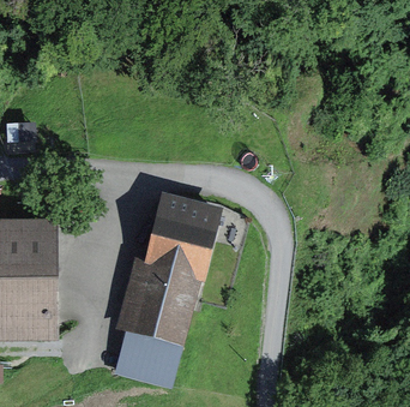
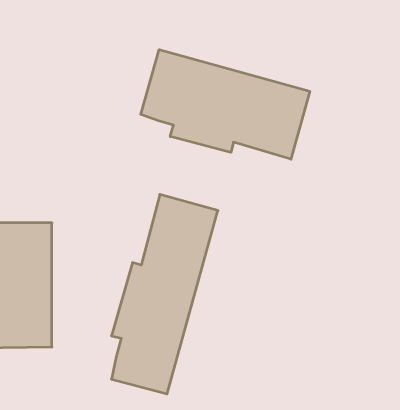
building: none -> [141,50,310,159]

